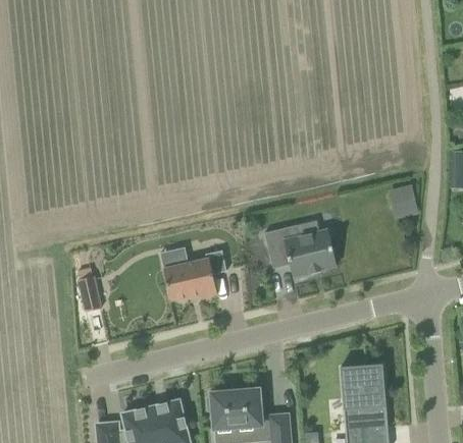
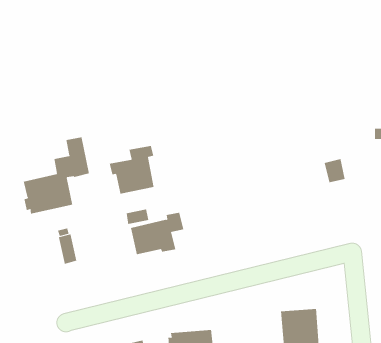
building: none -> [23,136,90,215]
building: none -> [109,145,154,194]
building: [264,225,337,276] -> none

